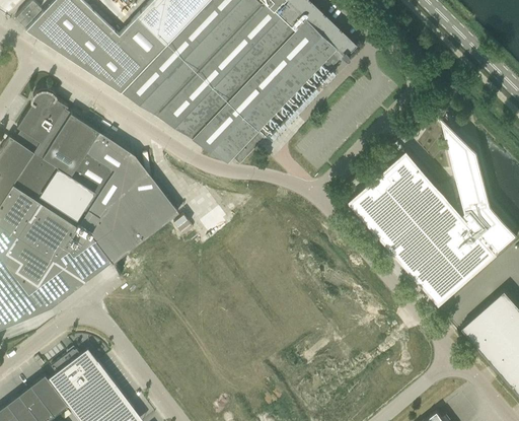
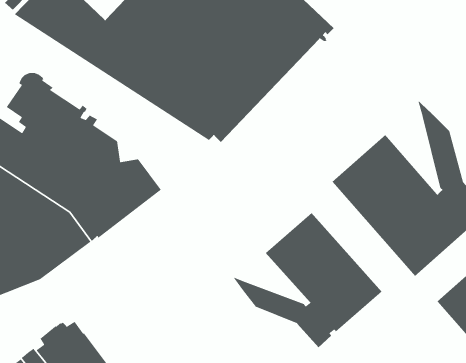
building: none -> [232,212,382,348]

